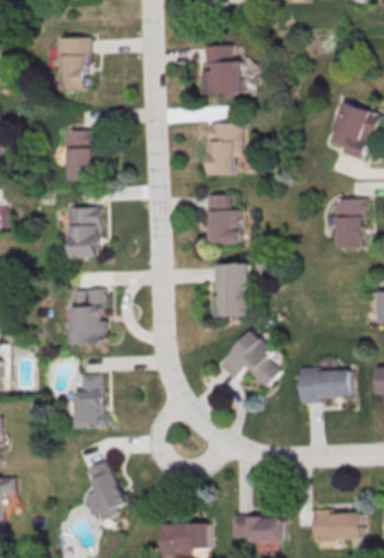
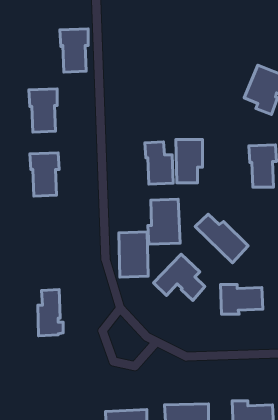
building: [55,38,90,91] -> [60,29,88,72]
building: [200,44,243,96] -> none
building: [209,123,242,176] -> [176,140,202,183]
building: none -> [195,214,248,263]
building: [69,286,105,341] -> [119,232,148,277]
building: [81,457,127,518] -> none

